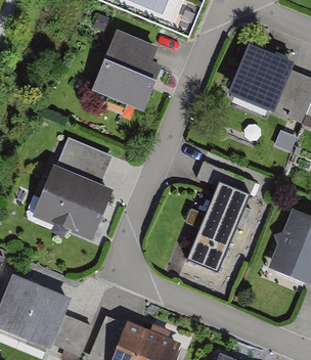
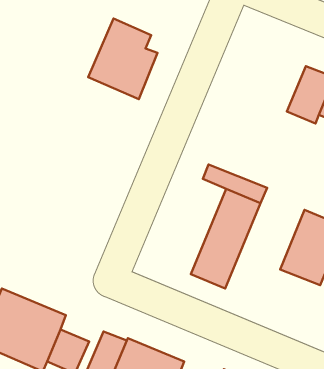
building: [228,47,296,117] -> none
building: [33,142,105,230] -> none

